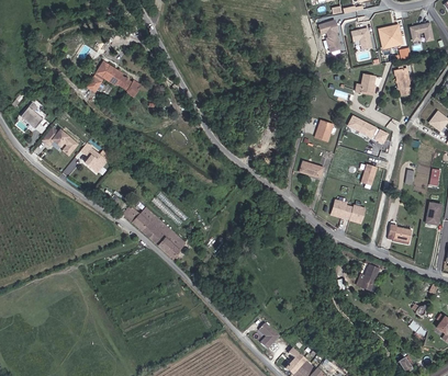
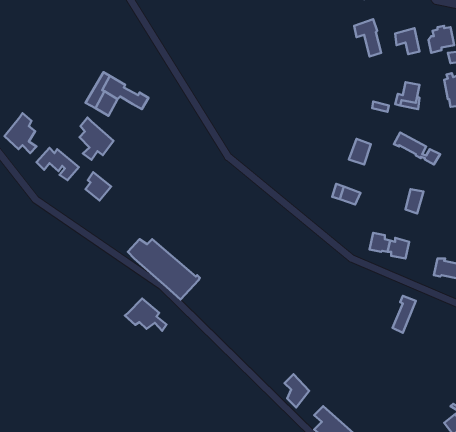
building: none -> [79,118,114,160]
building: none -> [125,298,167,331]

